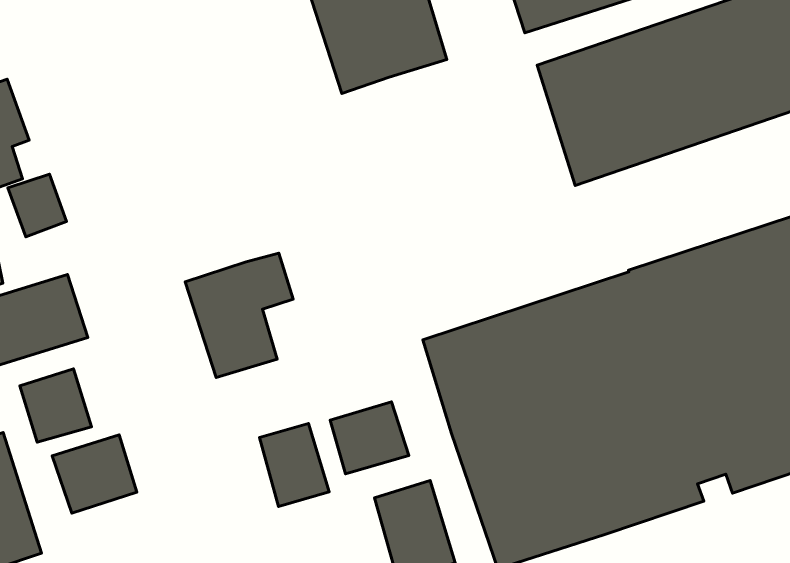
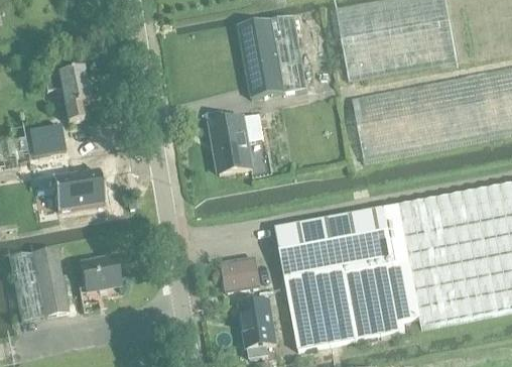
building: [8,174,67,237] -> none
building: [185,253,293,377] -> [211,114,264,172]
building: [20,369,91,442] -> none
building: [260,423,329,507] -> none

